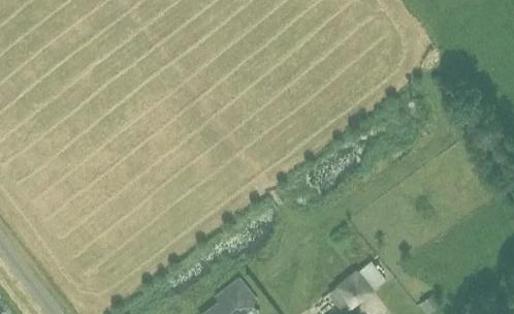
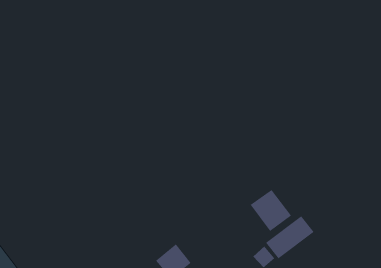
building: none -> [250,189,292,232]

